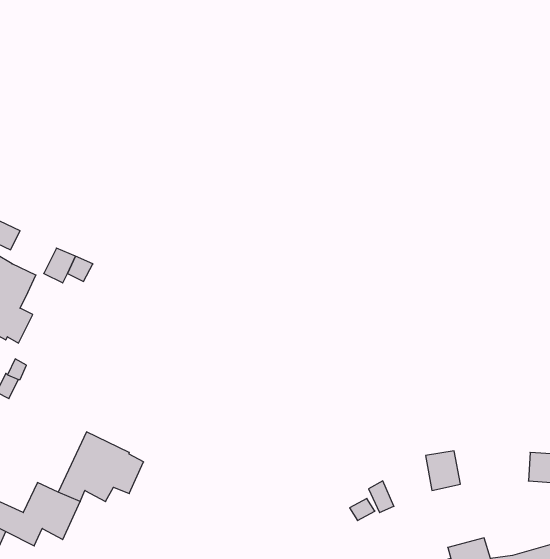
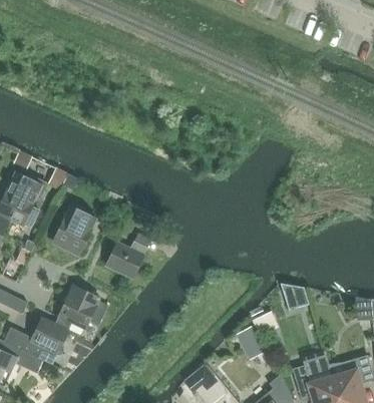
building: none -> [53,204,97,256]
building: none -> [106,233,151,278]

